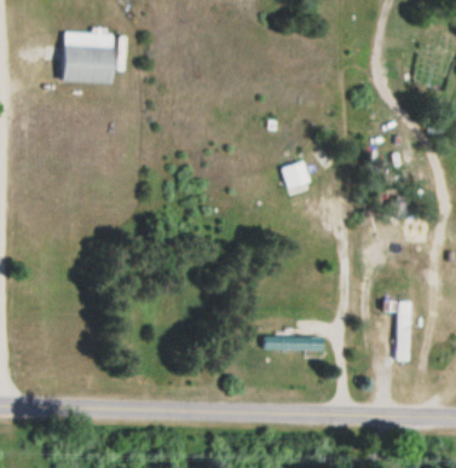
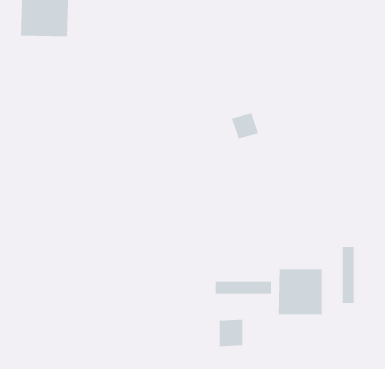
building: none -> [278,268,322,315]
building: none -> [219,319,243,347]

